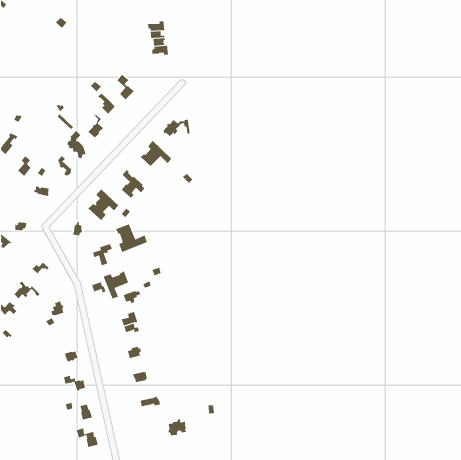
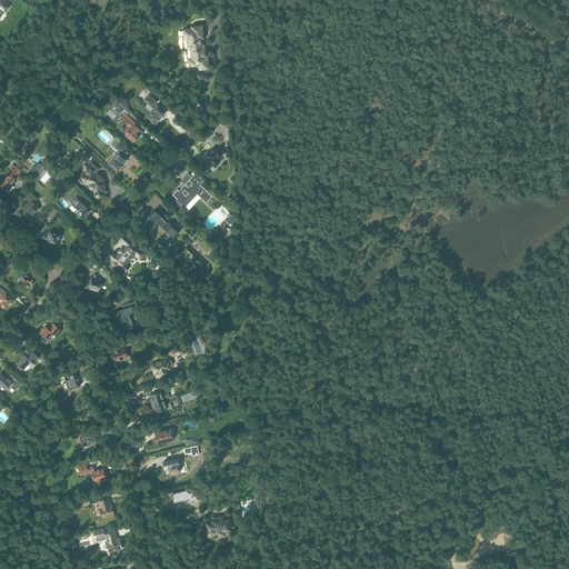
building: [115,224,148,253] -> none
building: [103,271,129,299] -> none

